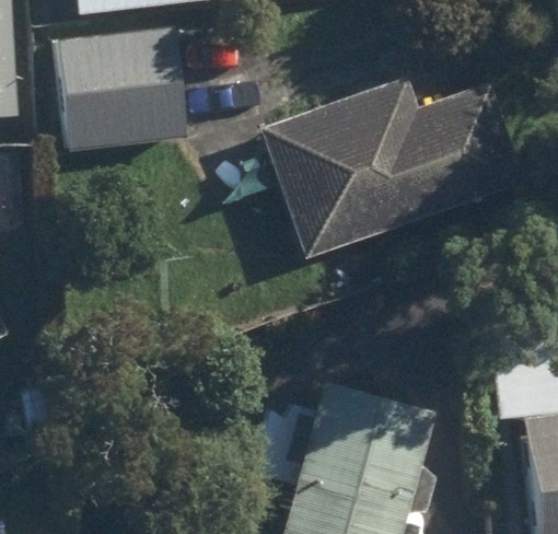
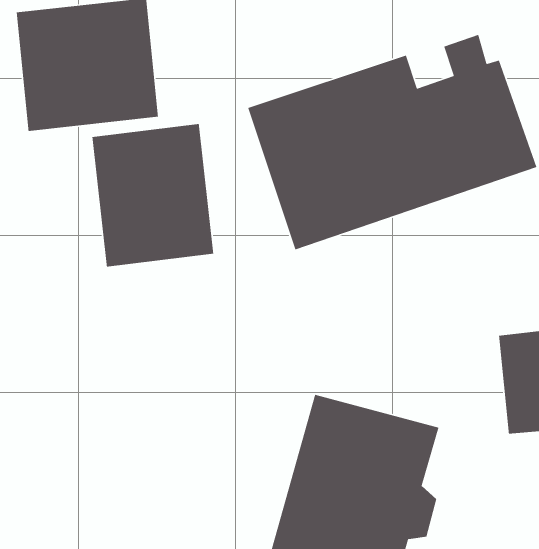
building: none -> [91,123,214,268]

